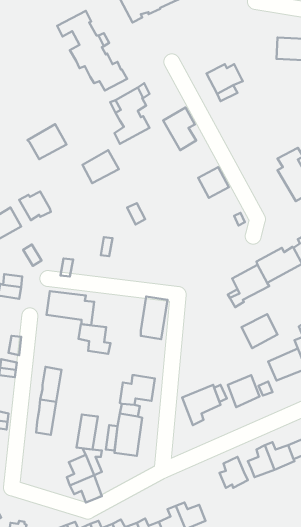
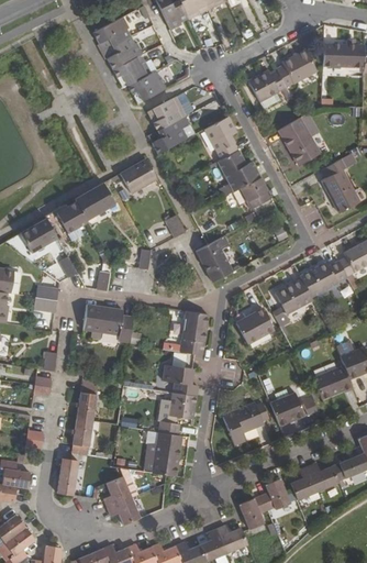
building: none -> [275,49,313,86]
building: none -> [278,117,319,164]
building: [27,124,67,159] -> [74,184,114,220]
building: none -> [216,150,260,197]
building: none -> [194,241,232,283]
building: [242,314,278,348] -> [236,309,274,344]
building: [79,324,110,354] -> [164,365,197,396]
building: [76,415,98,450] -> [57,459,79,495]
building: none -> [240,494,268,528]

